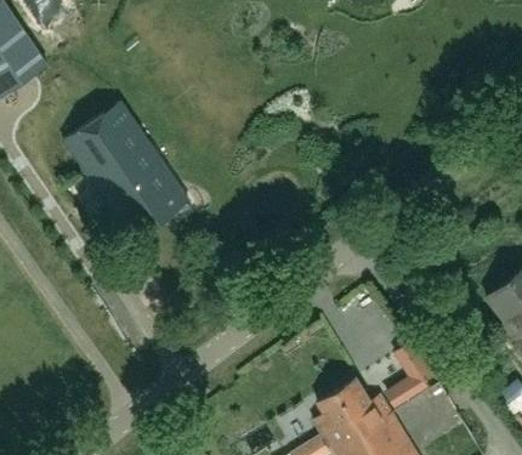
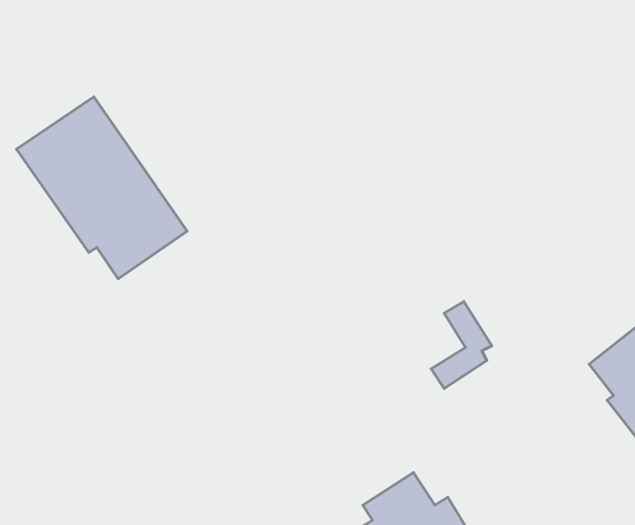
building: [386,342,431,406] -> [431,302,492,389]

